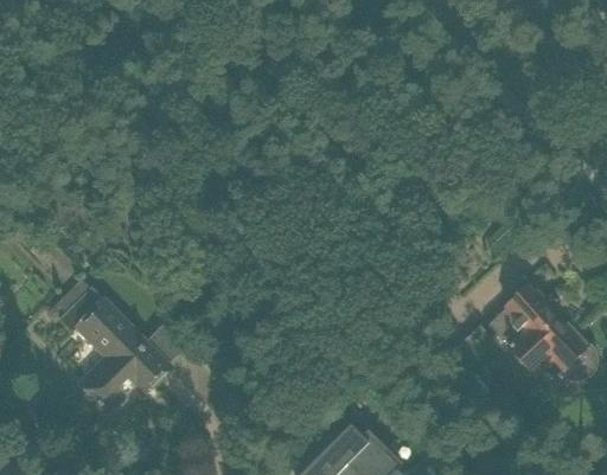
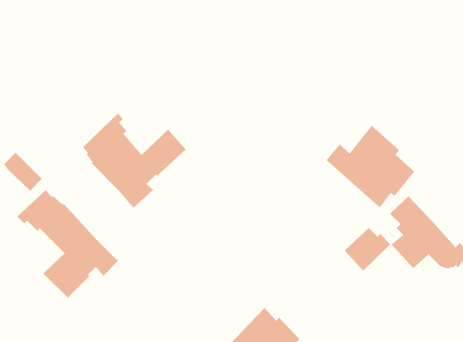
building: none -> [82,113,187,208]
building: none -> [326,125,415,208]

